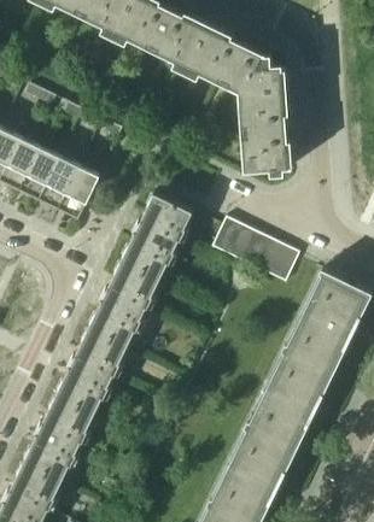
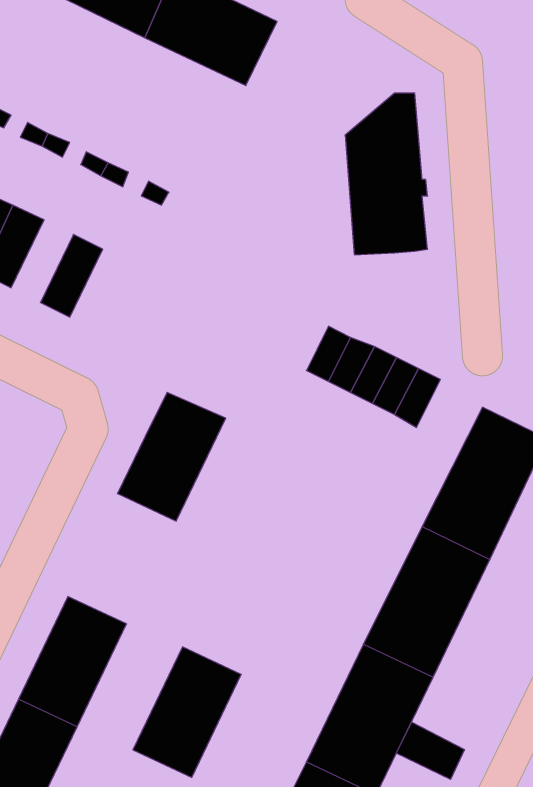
building: [173,17,270,92] -> none
building: [18,147,59,201] -> none
building: [57,166,99,221] -> none
building: [121,193,191,277] -> none
building: [55,327,127,412] -> [133,647,241,777]
building: none -> [396,722,465,779]

